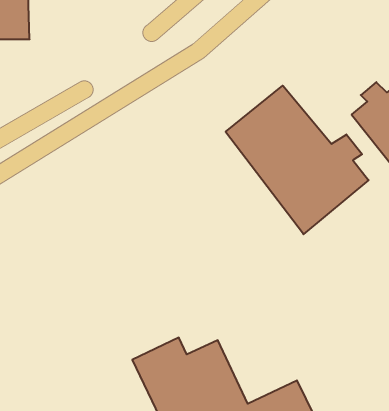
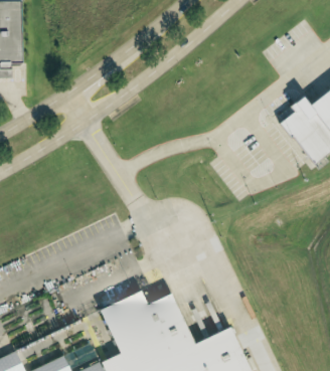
building: [226,86,369,234] -> none

